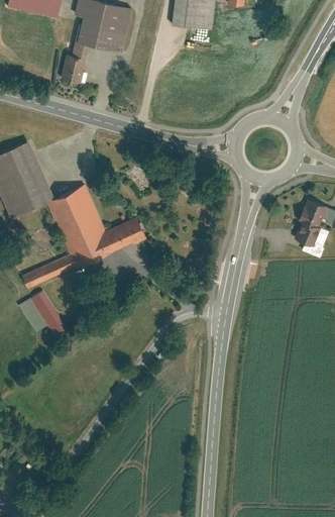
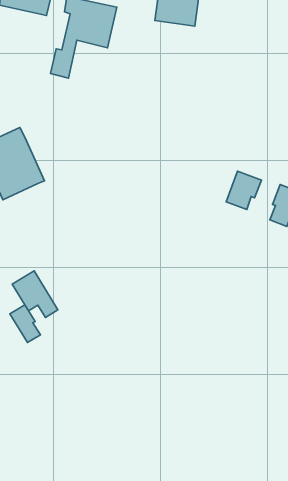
building: [23,183,145,286] -> none
building: none -> [226,171,261,209]
building: none -> [10,305,40,343]

